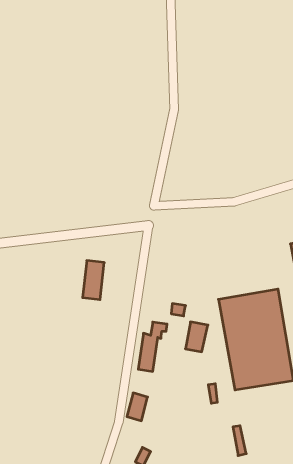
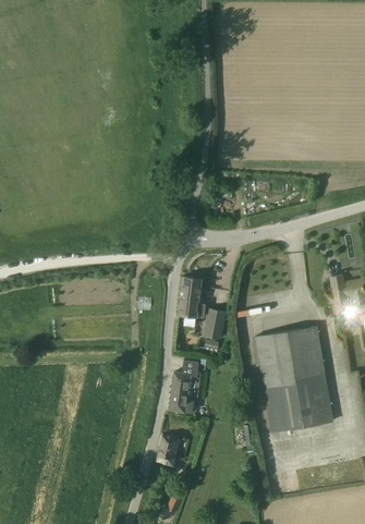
building: [83,261,104,300] -> [180,277,203,318]
building: [185,322,208,352] -> [204,308,228,340]

